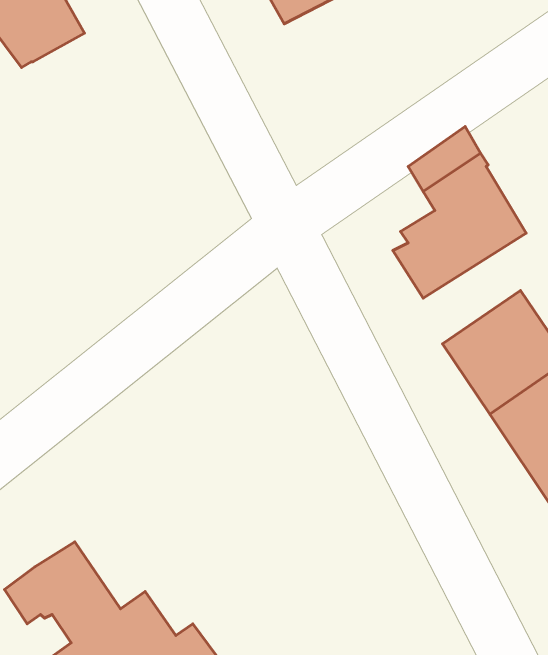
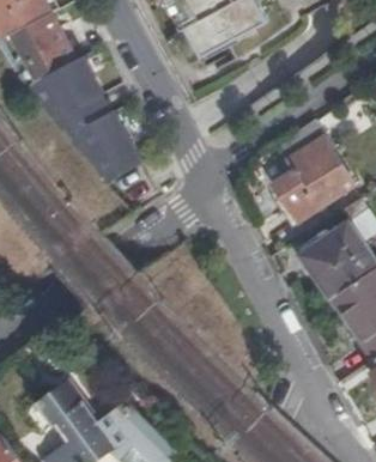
building: none -> [44,57,139,174]

